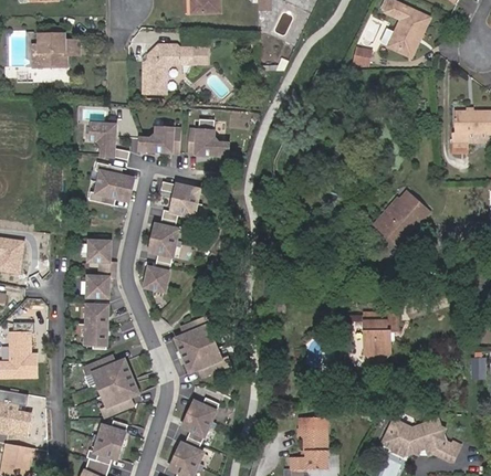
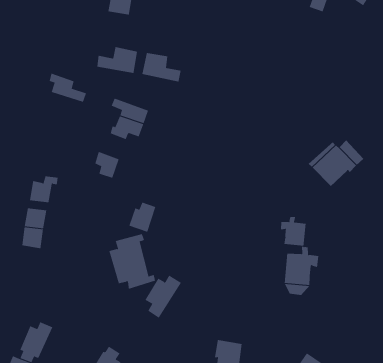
building: [91,124,128,159] -> none
building: [85,182,130,204] -> none
building: [152,218,179,243] -> none
building: [87,241,115,269] -> none
building: [144,261,170,292] -> [128,202,156,233]
building: none -> [280,216,306,247]
building: [84,357,137,416] -> none
building: [182,398,219,444] -> [145,275,182,319]

